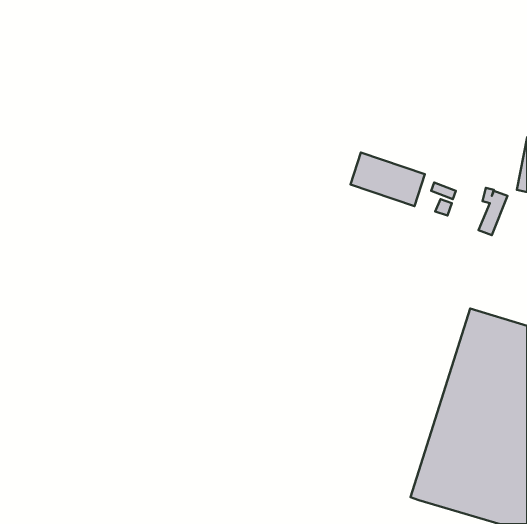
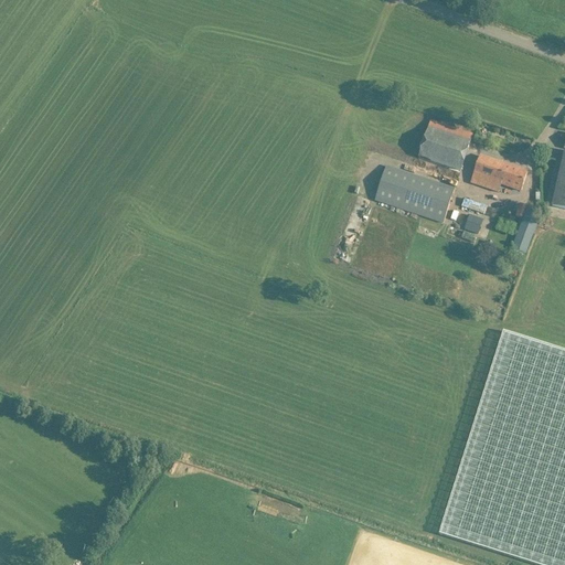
building: none -> [415,117,473,178]
building: none -> [470,153,527,190]

